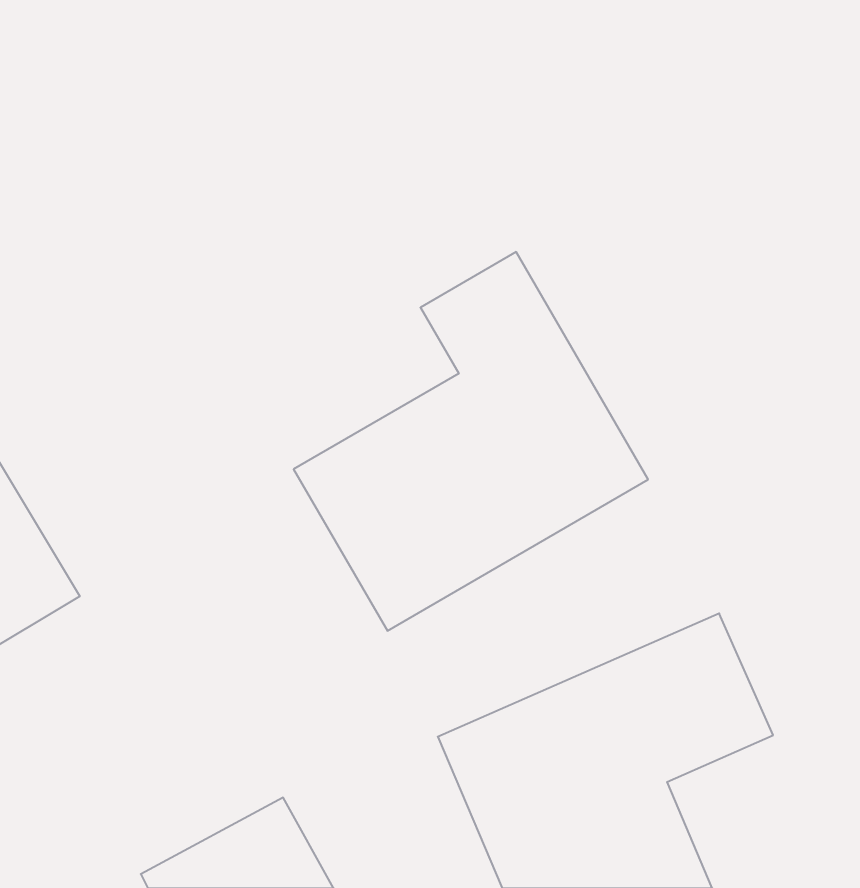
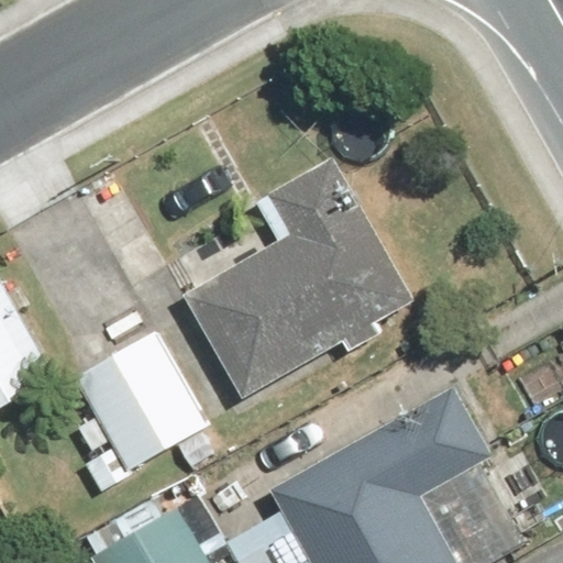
building: none -> [77,334,208,470]

